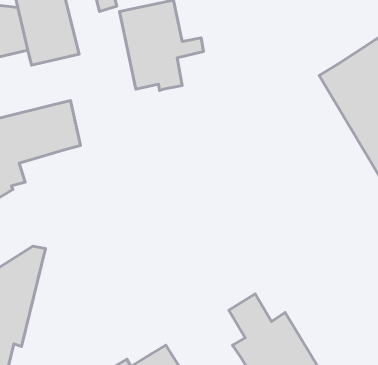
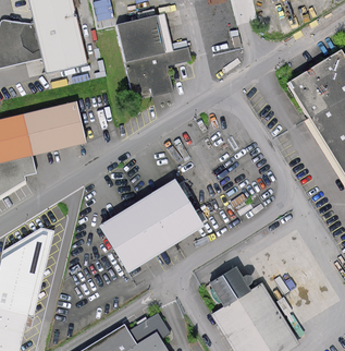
building: none -> [101,181,201,268]

